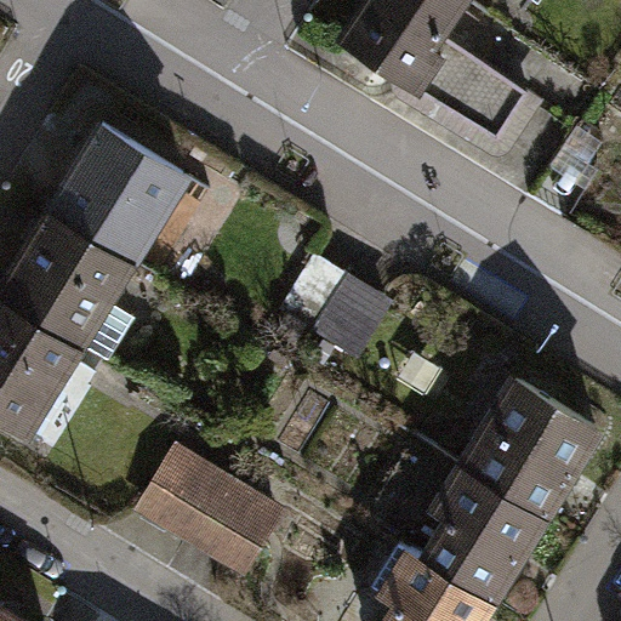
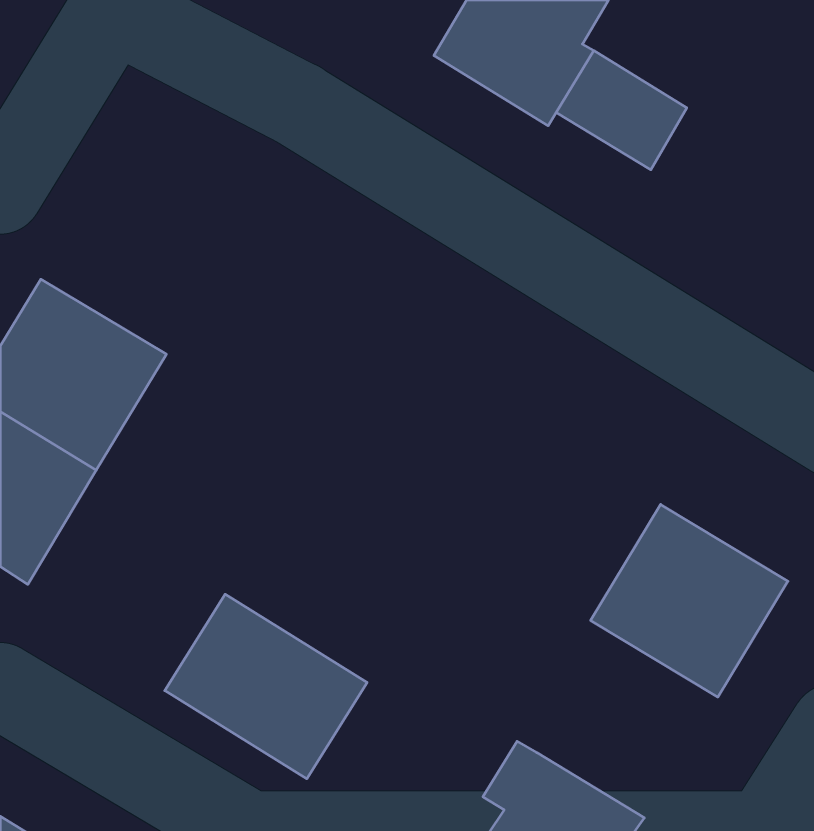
building: [45,124,190,266] -> none
building: [283,253,394,359] -> none
building: [414,463,548,610] -> none

